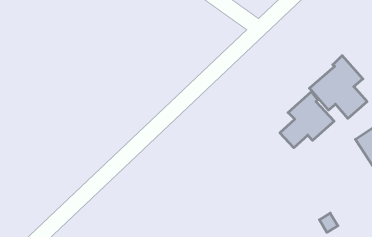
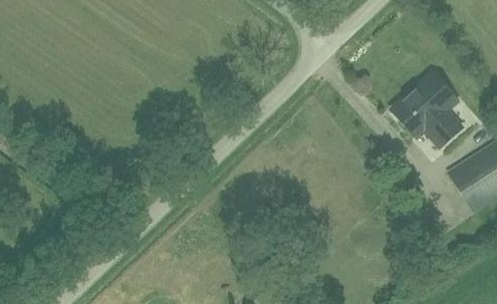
building: [280,92,334,148] -> none

